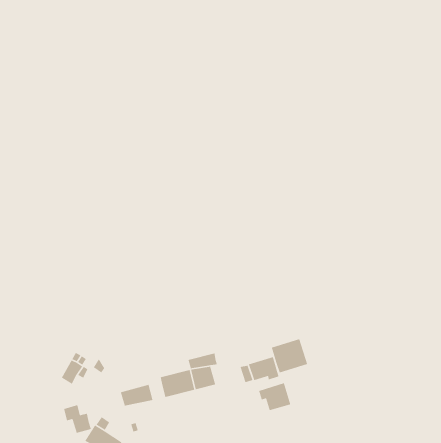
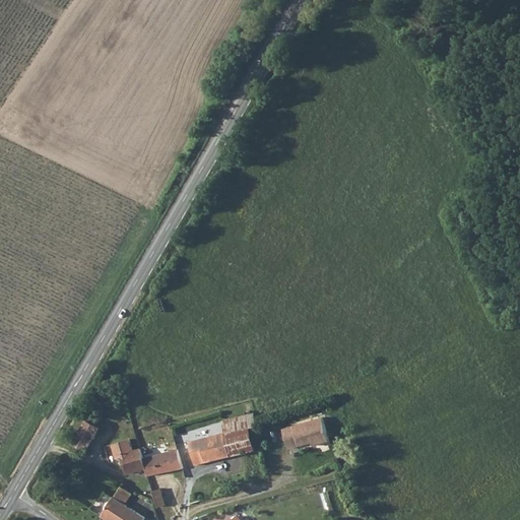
building: [271,338,308,374] -> none
building: [258,382,291,411] -> none
building: [63,404,92,434] -> [110,440,143,474]

